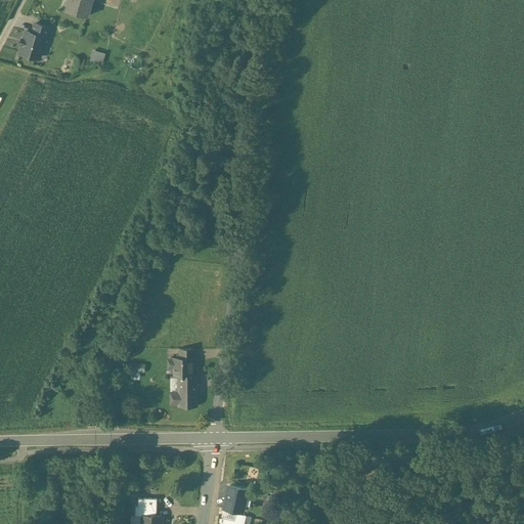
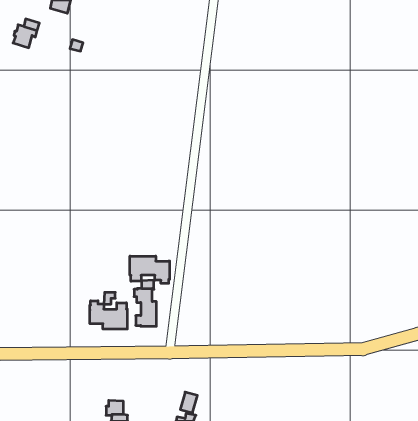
building: none -> [130,256,170,283]
building: none -> [90,301,127,329]

